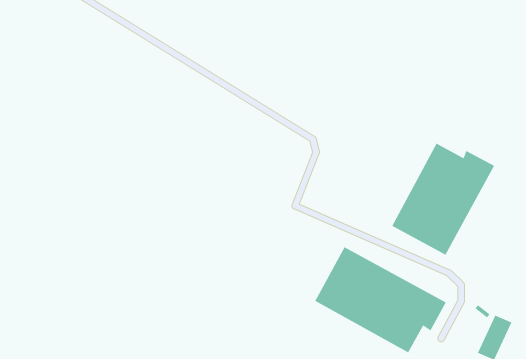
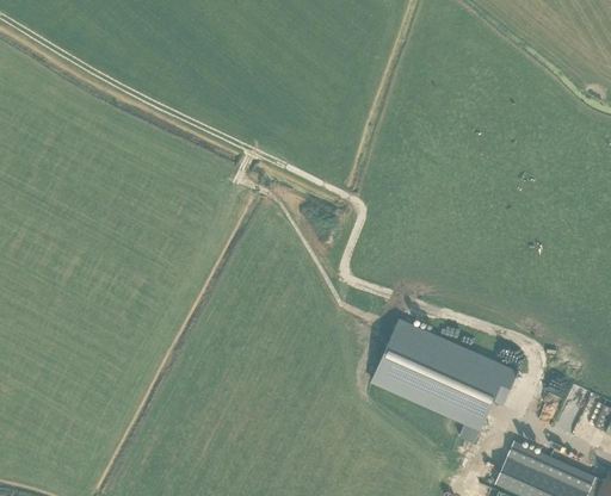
building: [391,142,495,256] -> none

